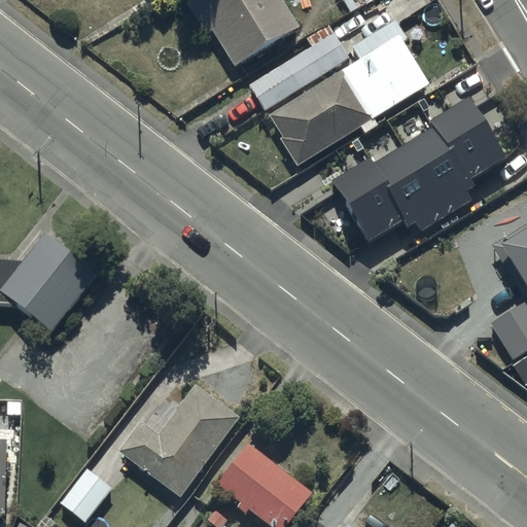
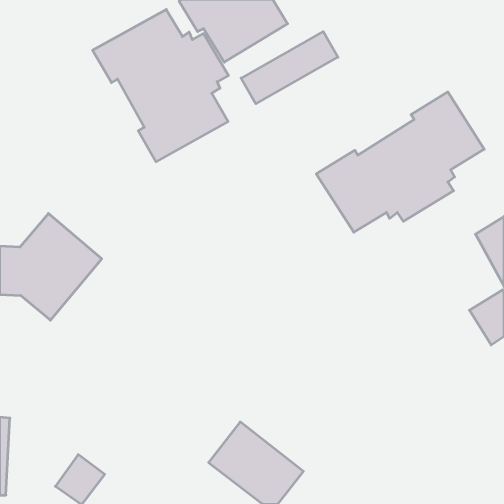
building: none -> [93,9,228,162]
building: [270,33,431,162] -> none
building: [117,380,243,497] -> none

